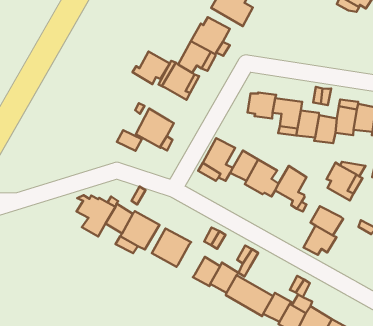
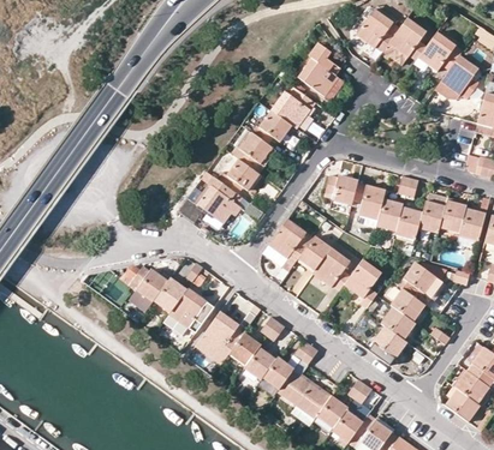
building: [132,52,170,84] -> [218,157,260,193]
building: none -> [389,287,425,320]
building: none -> [230,331,262,365]

